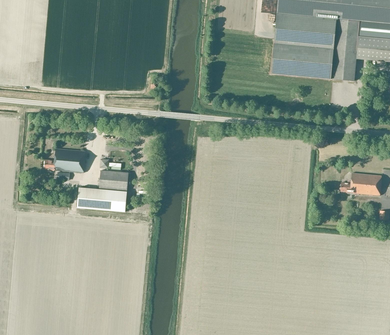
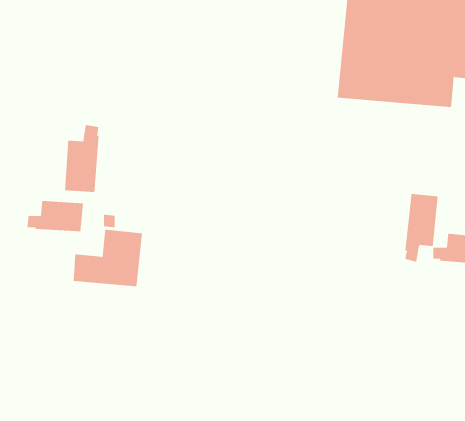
building: none -> [64,124,99,193]
building: none -> [405,193,438,262]

